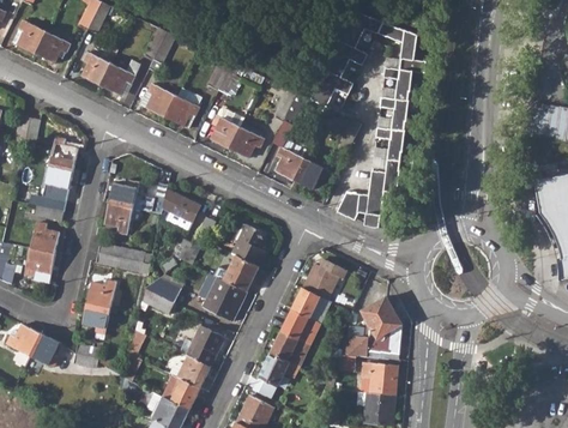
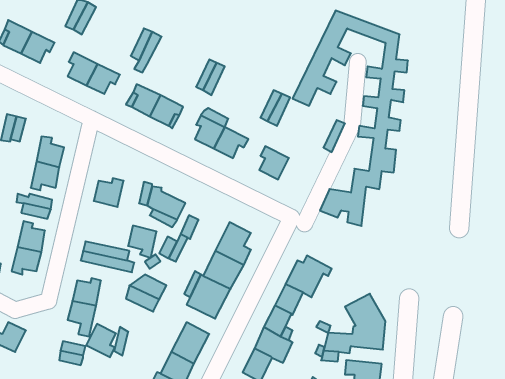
building: [294,159,328,191] -> none
building: [103,203,132,235] -> [128,226,157,258]
building: [29,333,59,367] -> [86,324,116,357]

